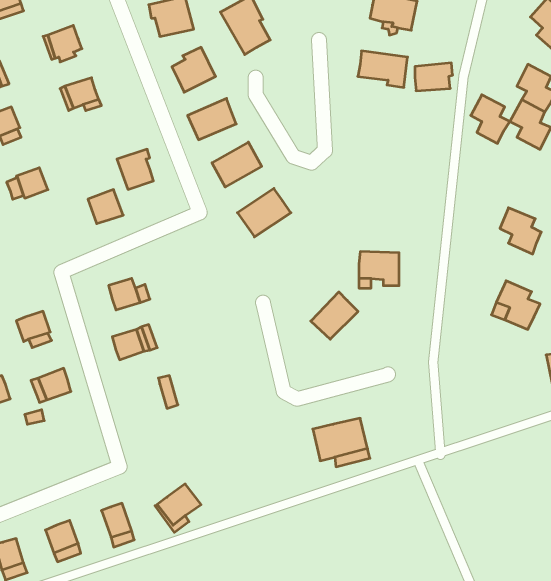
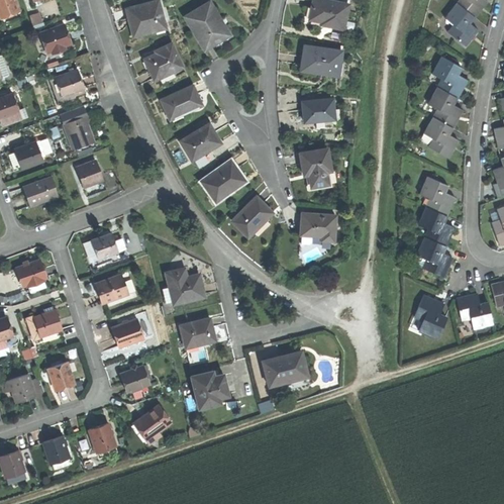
building: [415,63,453,91] -> [302,97,333,120]
building: [471,95,510,143] -> [423,117,456,158]
building: [117,149,153,189] -> [63,113,93,146]
building: none -> [299,147,330,186]
building: none -> [22,179,55,206]
building: none -> [417,205,452,245]
building: [311,292,358,339] -> [232,196,272,235]
building: none -> [168,269,205,303]
building: none -> [413,295,444,338]
building: none -> [182,318,215,343]
building: none -> [110,322,141,350]
building: none -> [46,361,73,388]
building: none -> [121,368,150,394]
building: none -> [192,370,228,407]
building: none -> [9,374,45,400]

